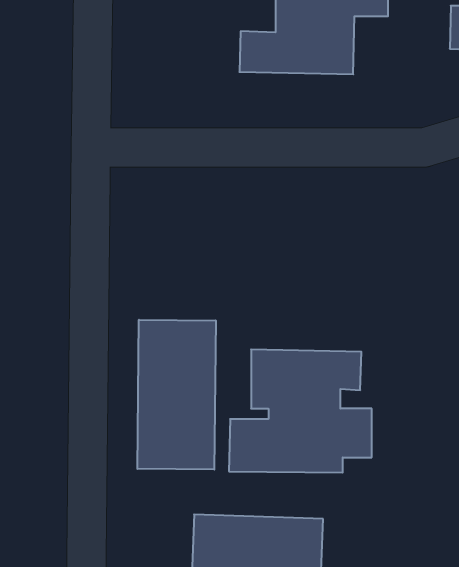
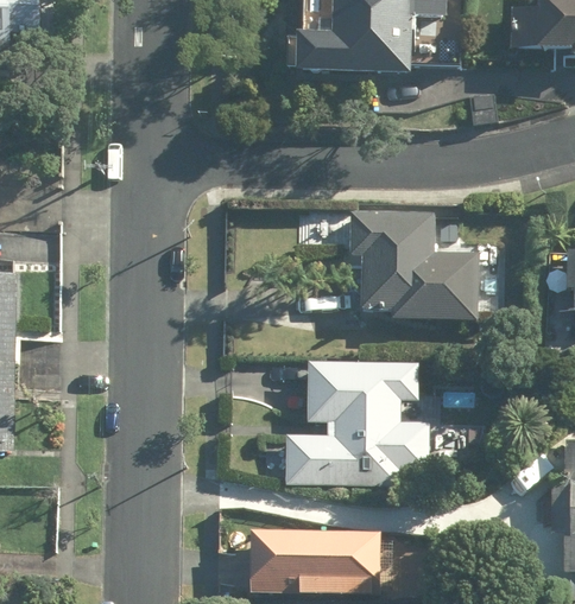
building: none -> [347,205,480,319]
building: [137,320,216,470] -> none

